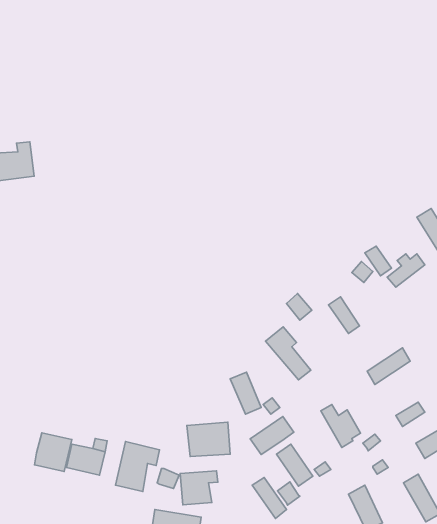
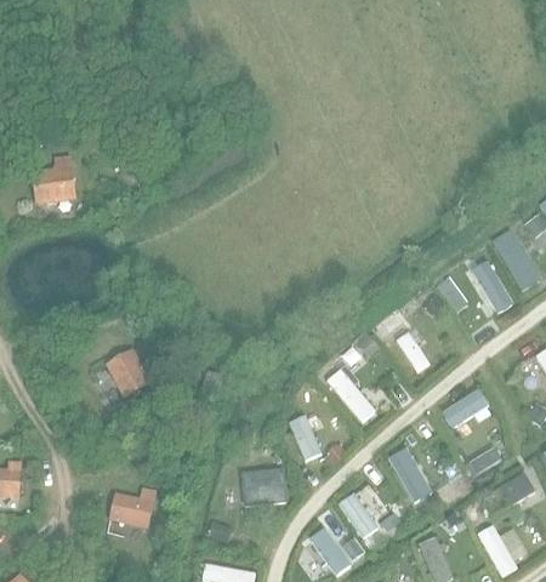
building: none -> [104,350,148,398]
building: [250,417,294,455] -> none
building: [34,433,72,472] -> none
building: [115,442,159,492] -> none
building: [180,471,218,505] -> none

